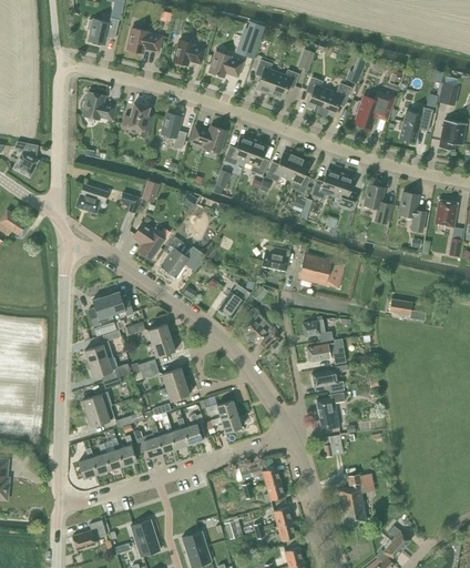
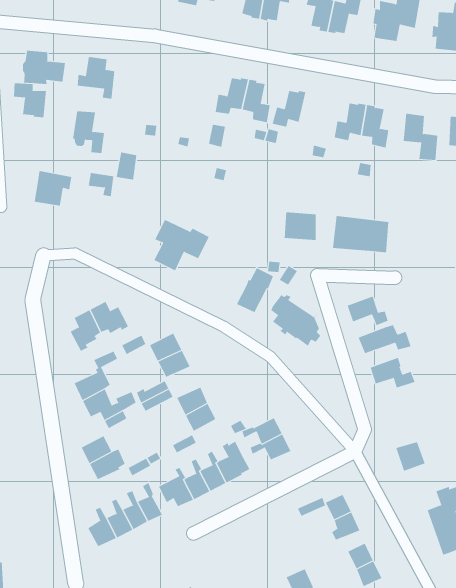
building: [161,113,186,149] -> [72,111,105,153]
building: none -> [13,83,46,118]
building: [190,125,226,153] -> none
building: [287,156,309,192] -> none
building: [132,222,170,260] -> none
building: [316,393,345,430] -> none

